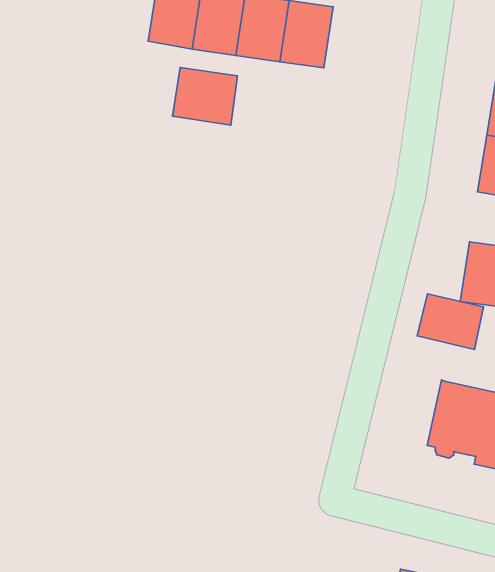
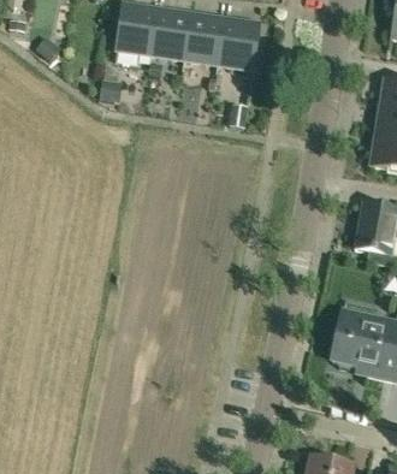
building: [172,67,237,125] -> none
building: [417,294,484,349] -> none

